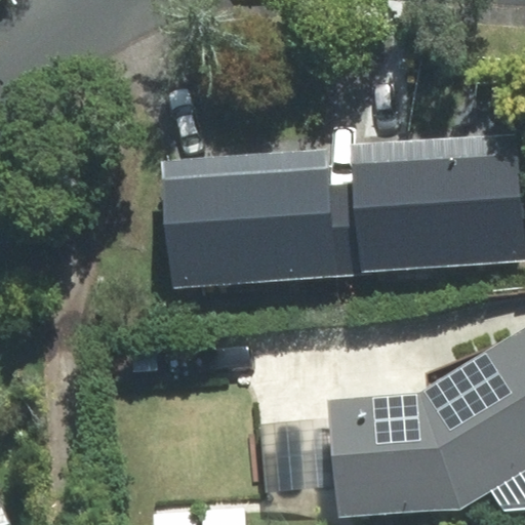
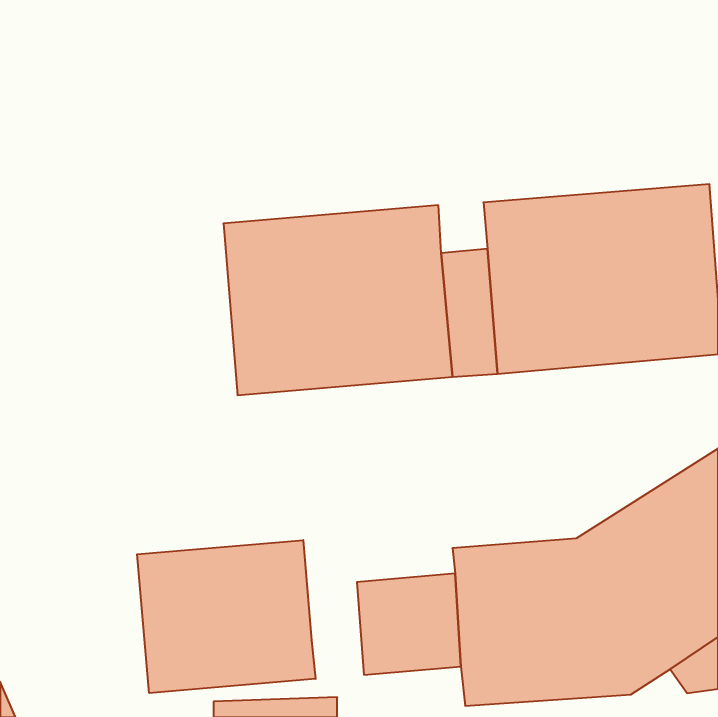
building: none -> [137,540,316,693]

